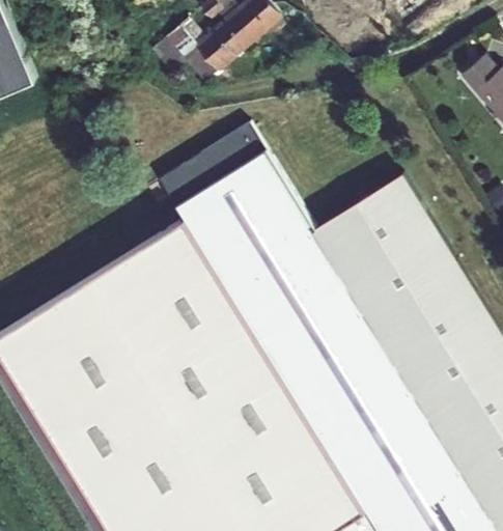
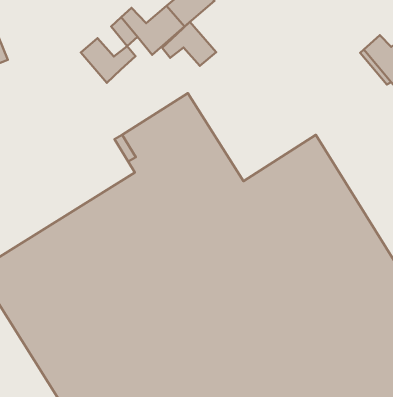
building: none -> [162,22,216,66]
building: none -> [81,38,135,83]

